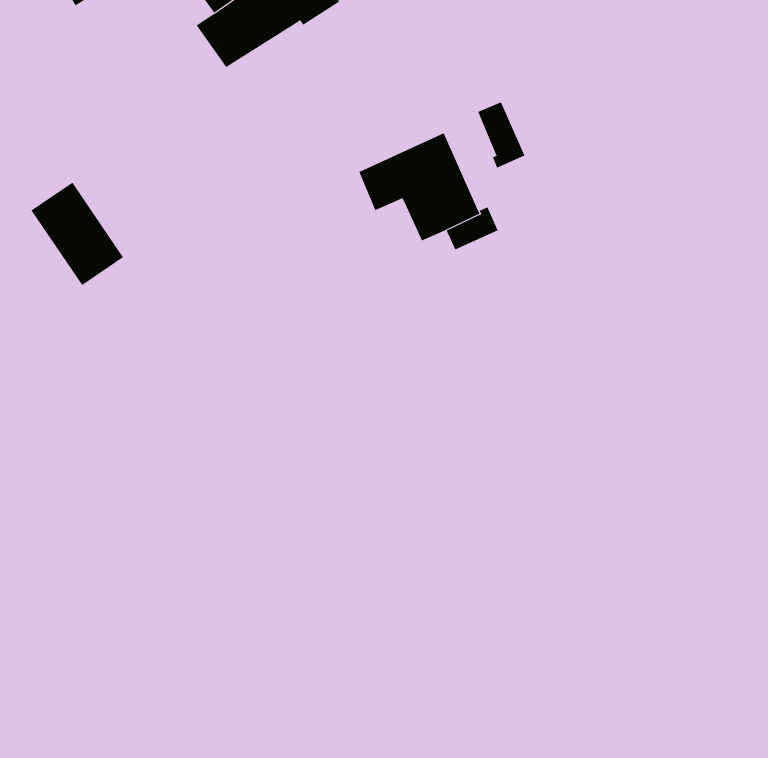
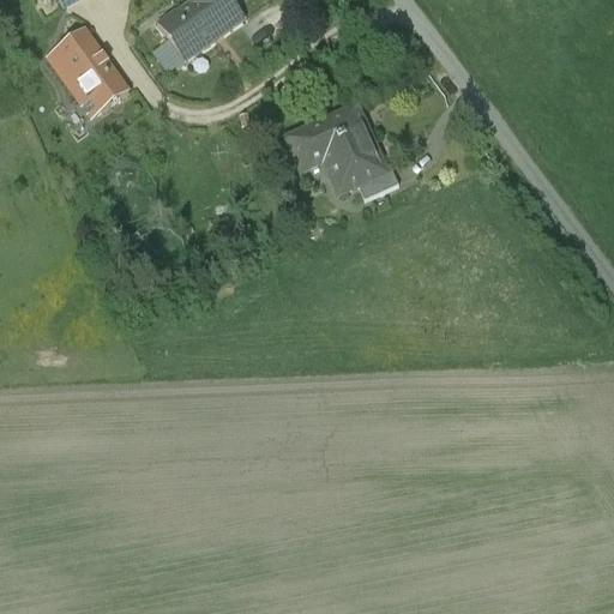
building: [478,101,525,169] -> none
building: [31,182,124,286] -> [47,30,121,113]

